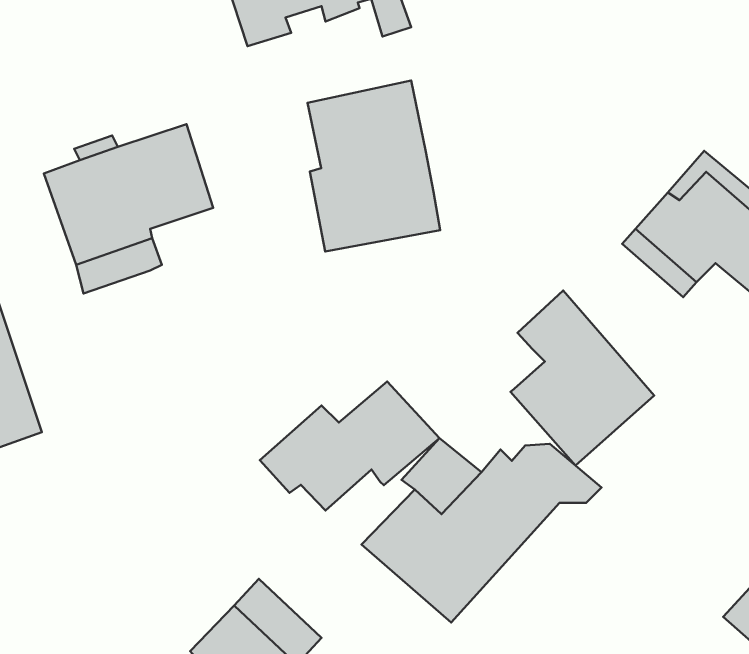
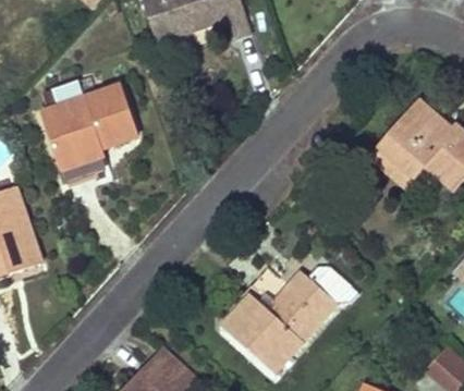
building: [307,81,440,252] -> none
building: [511,291,654,465] -> none
building: [260,381,440,511] -> none

